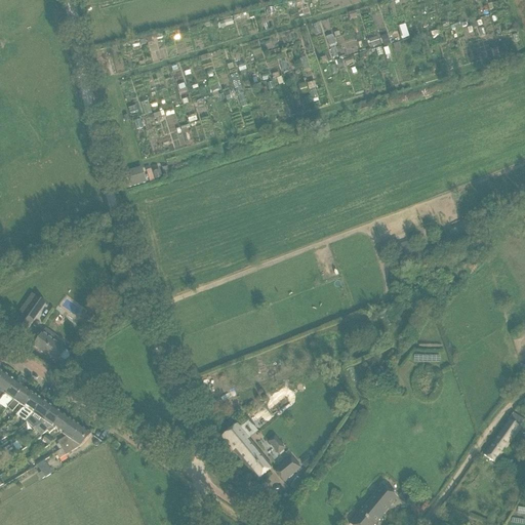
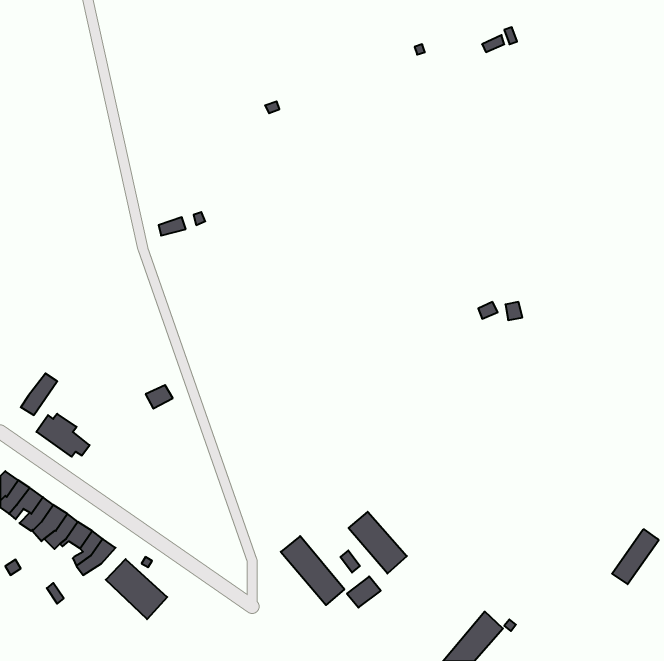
building: none -> [349,512,407,574]
building: none -> [106,559,167,619]

